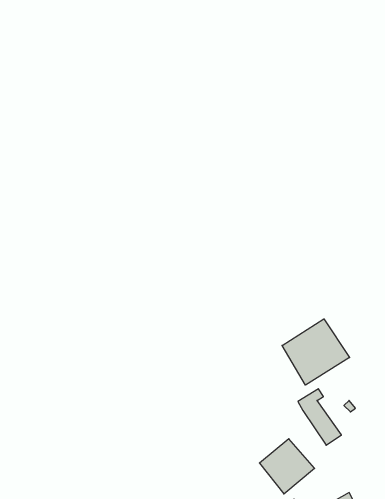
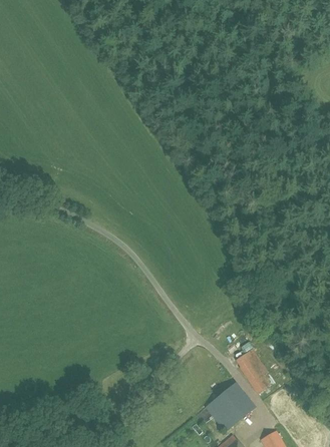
building: [282,319,350,385] -> none

